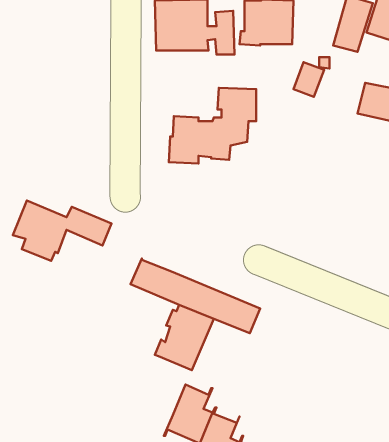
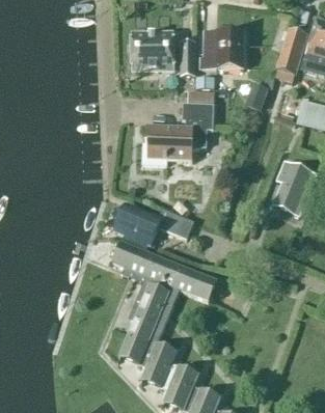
building: none -> [264,156,317,216]
building: [13,200,112,261] -> [114,201,194,250]
building: none -> [117,319,162,366]

